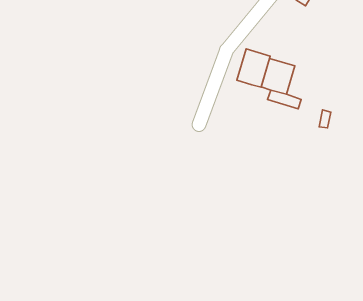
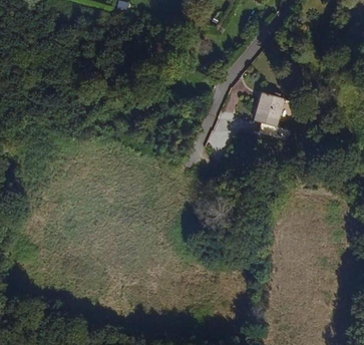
building: [237,49,270,87] -> none

